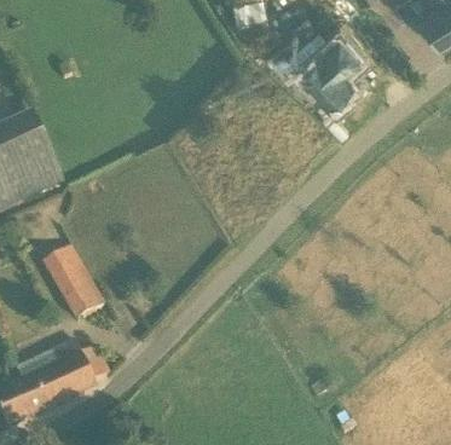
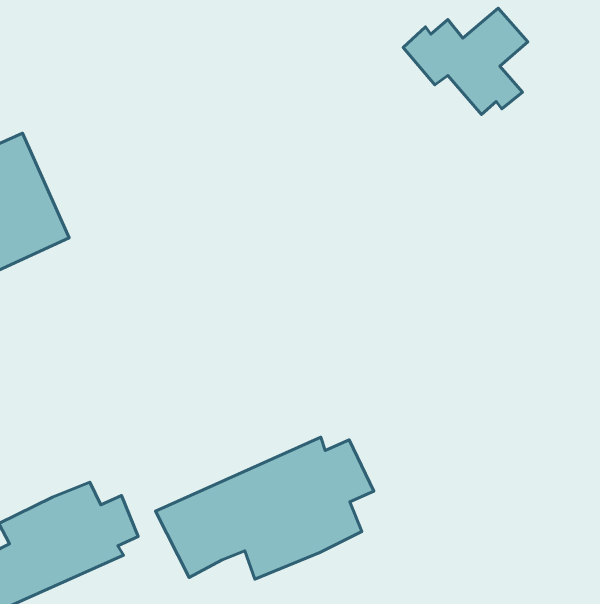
building: [42,244,102,317] -> none
building: none -> [155,437,374,579]

